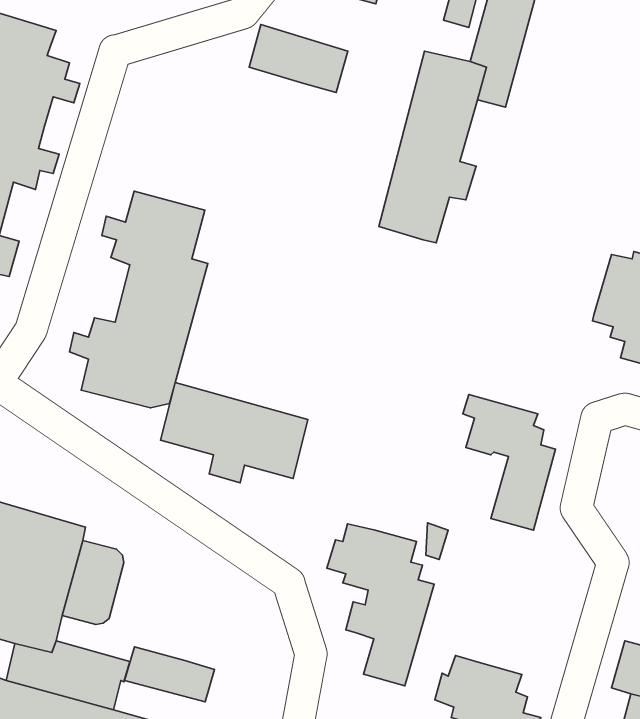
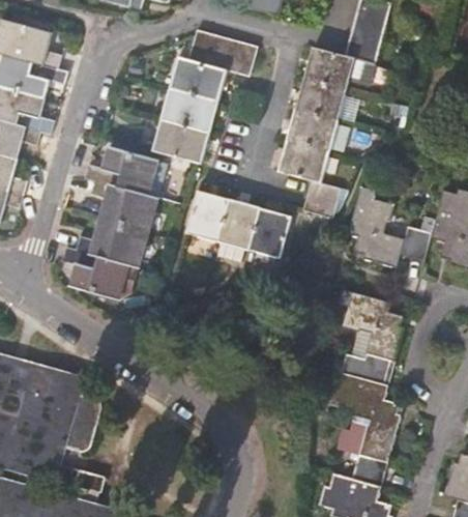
building: none -> [153,56,227,162]
building: none -> [302,179,341,217]
building: none -> [348,185,431,265]
building: [161,383,308,483] -> [187,190,291,260]
building: [327,524,434,686] -> [325,371,401,485]
building: [124,647,214,702] -> none

